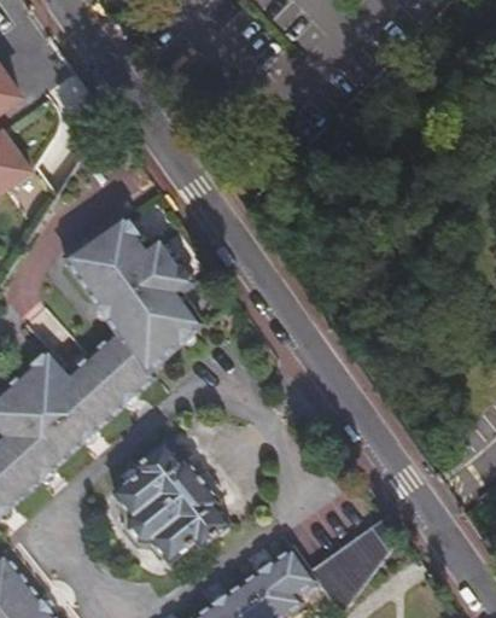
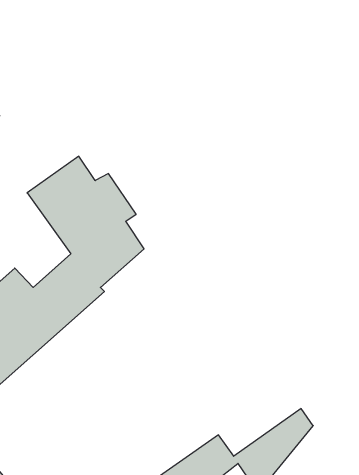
building: [118,447,223,556] -> none

